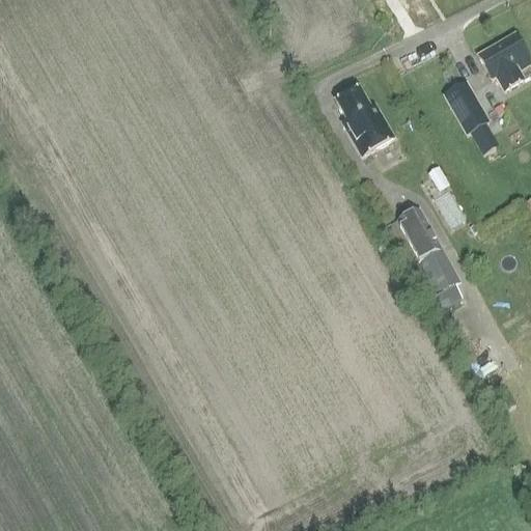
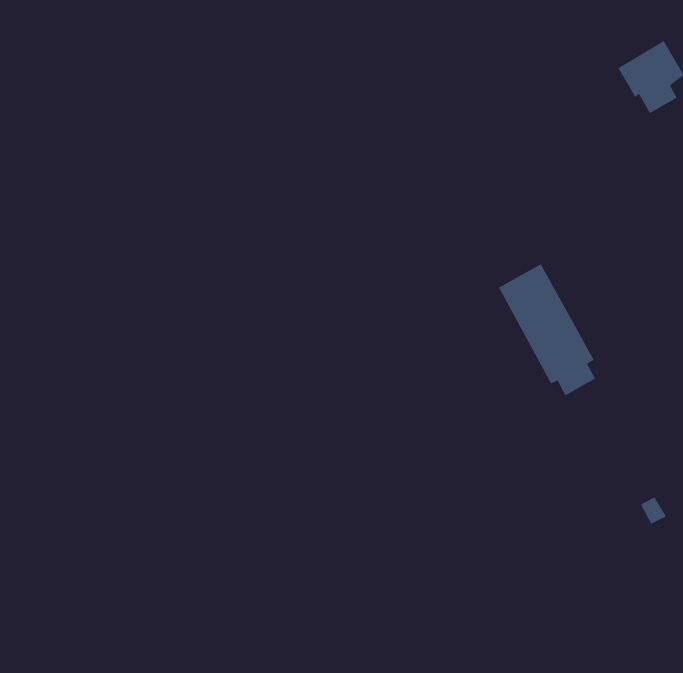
building: [335,84,393,151] -> none
building: [451,88,491,131] -> none

